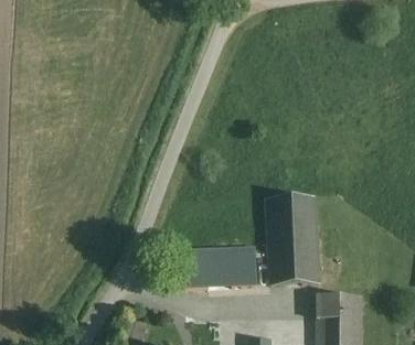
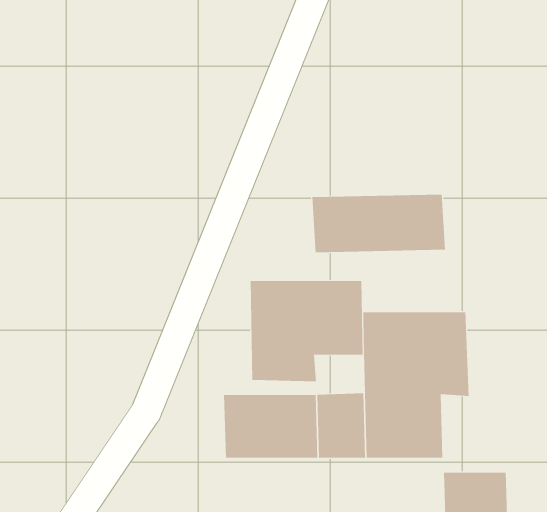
building: none -> [312,194,446,253]
building: none -> [250,280,363,382]

